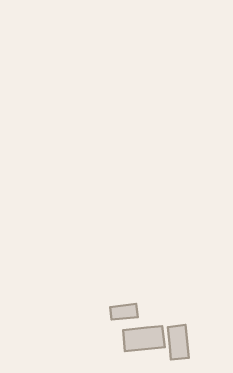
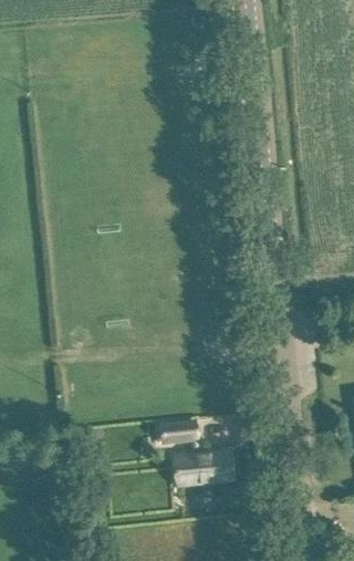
building: [168,325,189,359] -> none

